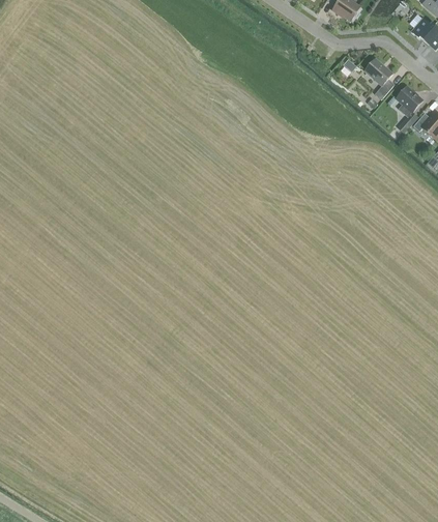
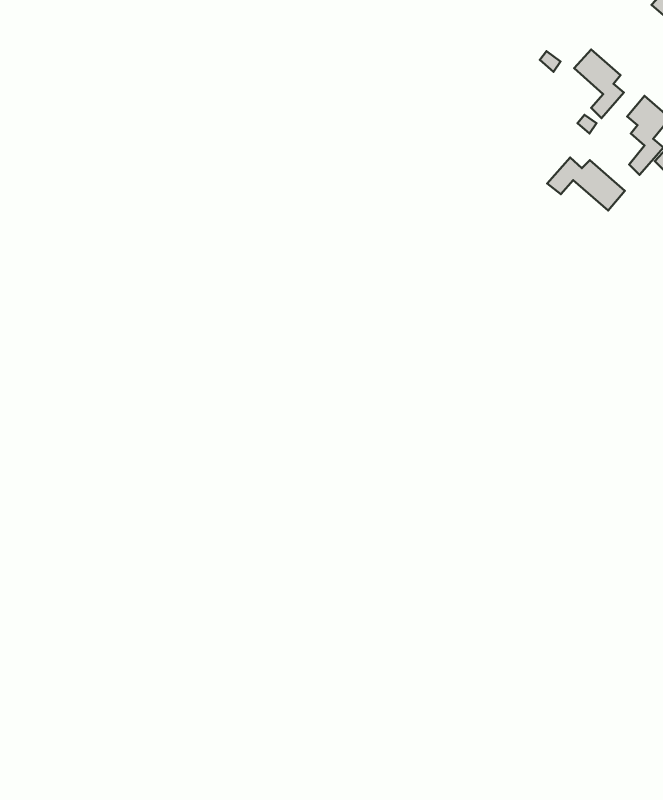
building: none -> [547,158,625,211]

